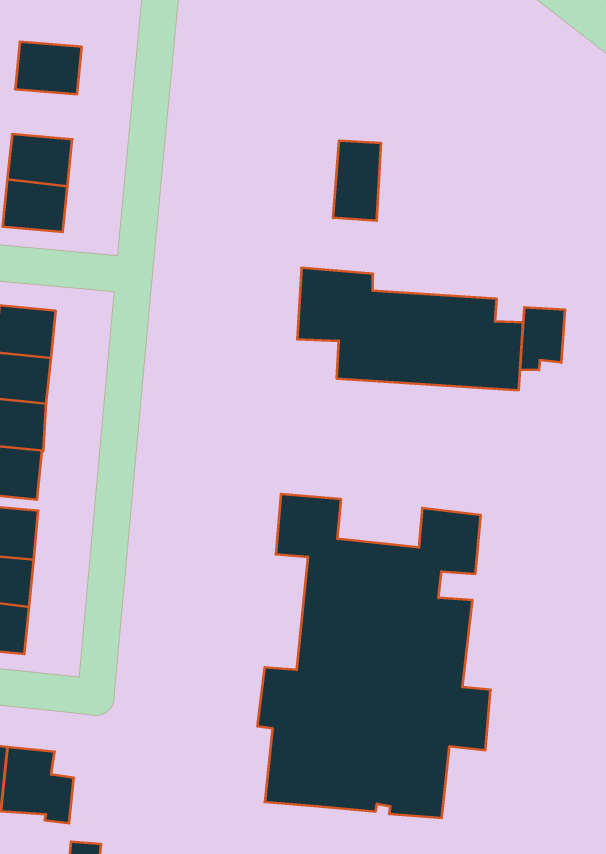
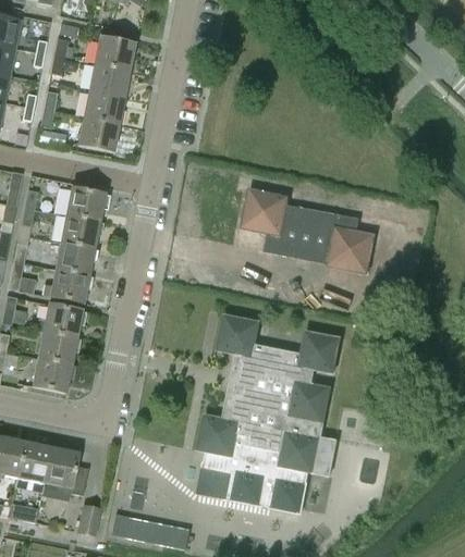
building: none -> [89,64,130,97]
building: [333,141,381,221] -> none
building: [520,307,565,370] -> none

